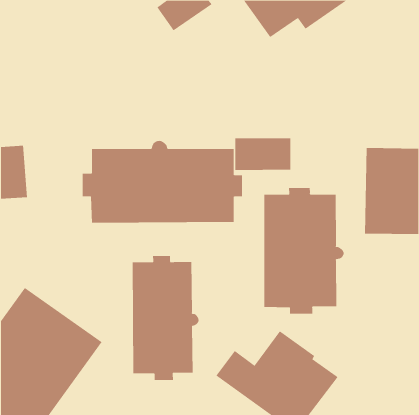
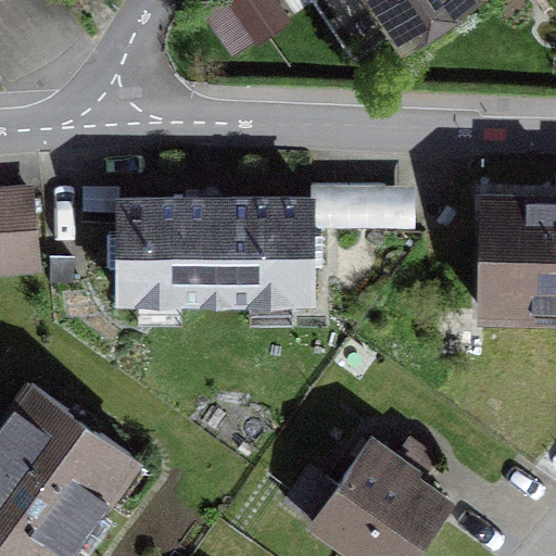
building: [264,187,344,315] -> none
building: [132,255,199,381] -> none

